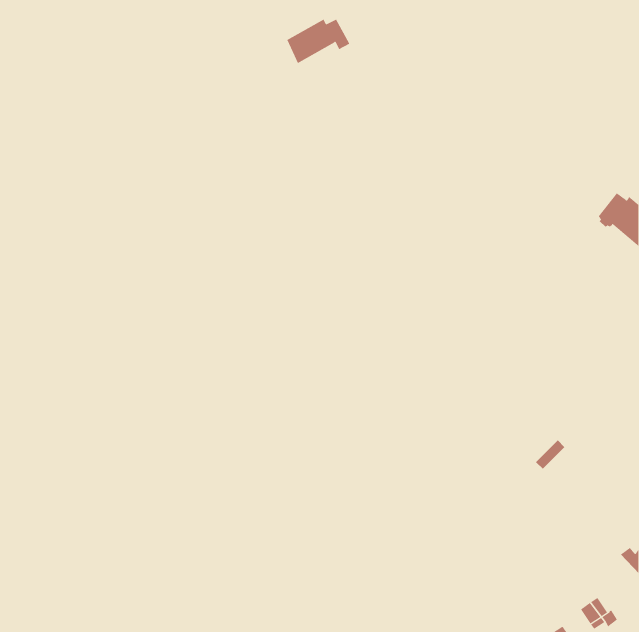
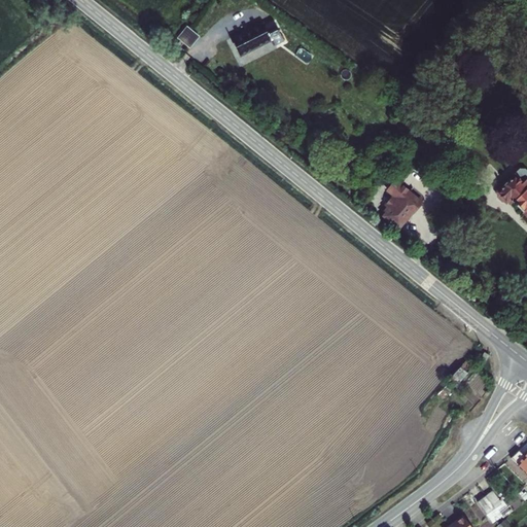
building: none -> [385,180,424,227]

